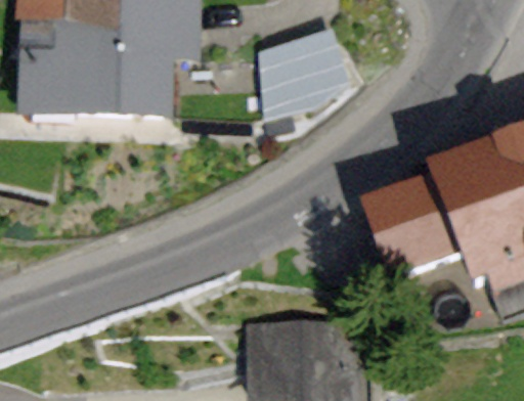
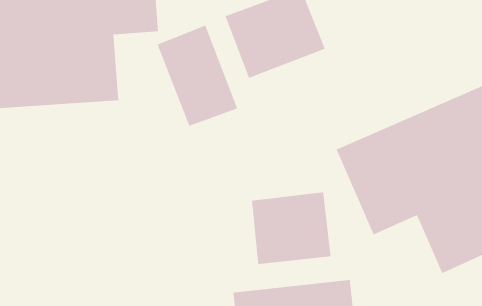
building: none -> [156,24,238,127]
building: none -> [251,191,331,265]

